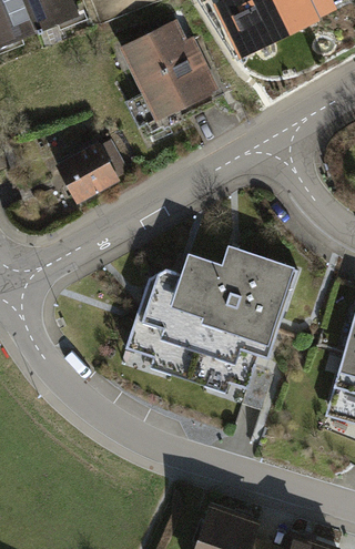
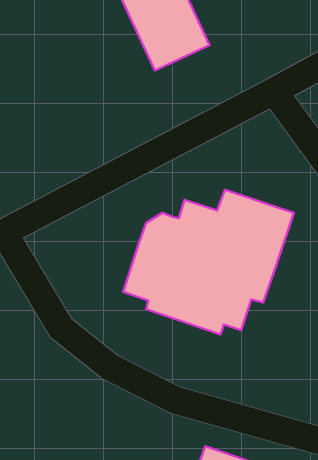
building: [59,140,116,199] -> none

